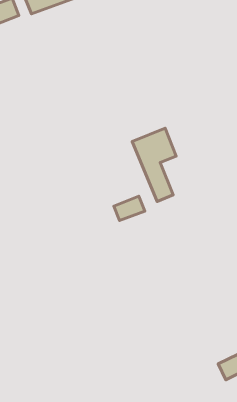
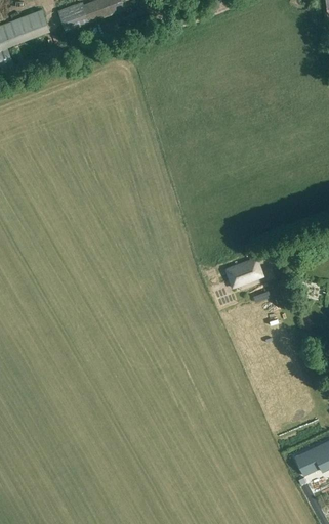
building: [132,128,176,202] -> none
building: [114,196,145,220] -> [227,257,264,287]

